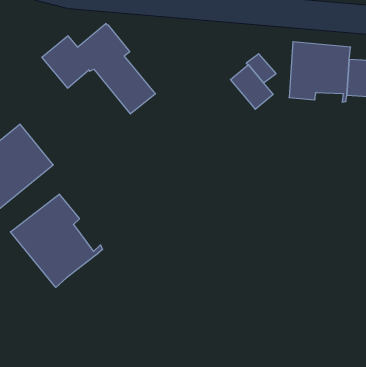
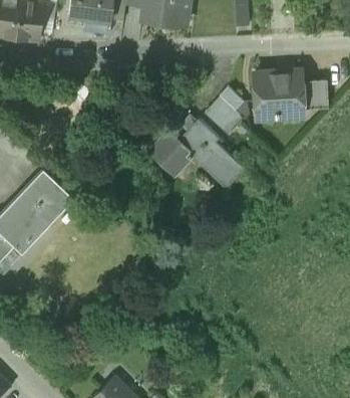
building: [42,24,155,114] -> [149,118,245,188]
building: [10,194,103,287] -> none

